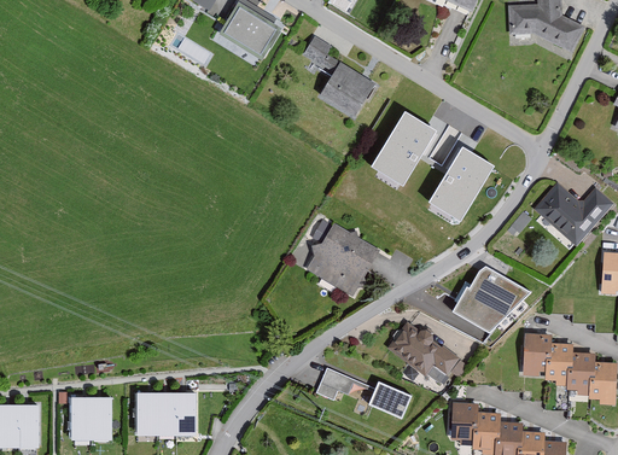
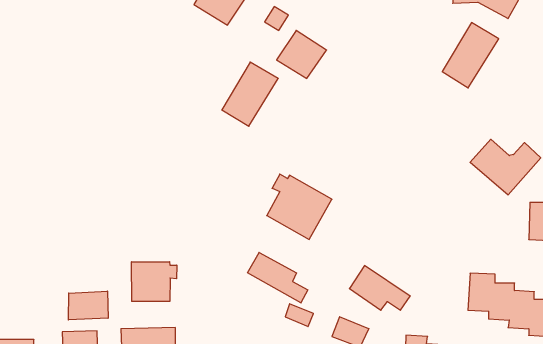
building: [372,106,435,177] -> [222,62,278,126]
building: [430,141,492,214] -> [442,23,499,88]
building: [451,266,530,333] -> none
building: none -> [248,252,308,303]
building: none -> [132,262,177,301]
building: none -> [68,291,108,320]

